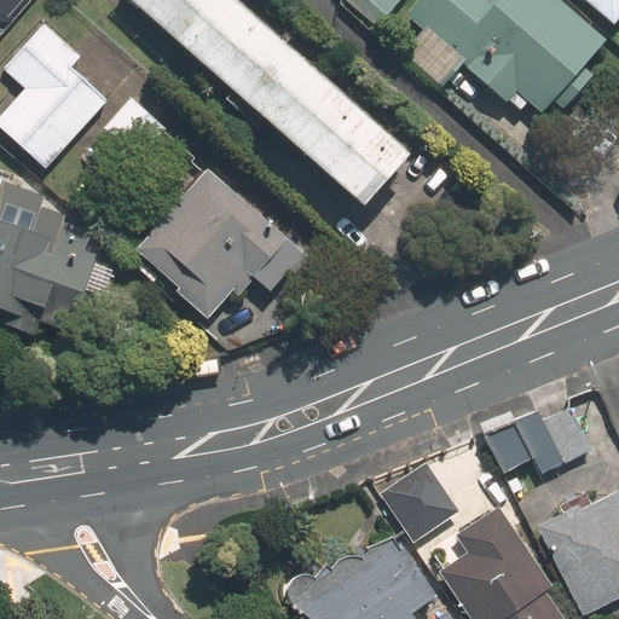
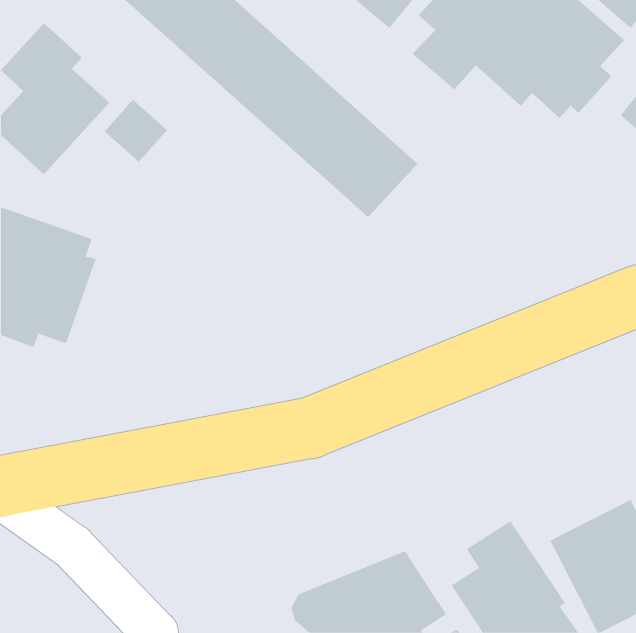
building: [132,167,305,319] -> none
building: [488,403,592,473] -> none
building: [381,458,462,539] -> none

